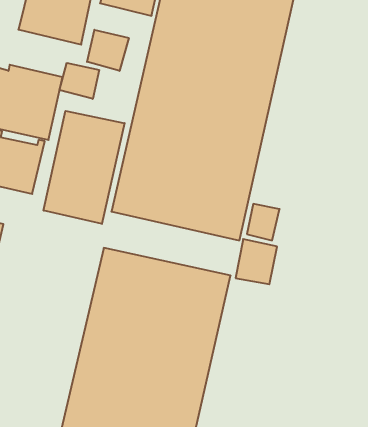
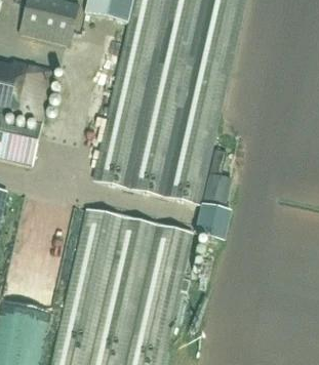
building: [87,30,129,71] -> none
building: [60,63,99,99] -> none
building: [44,111,125,224] -> none

